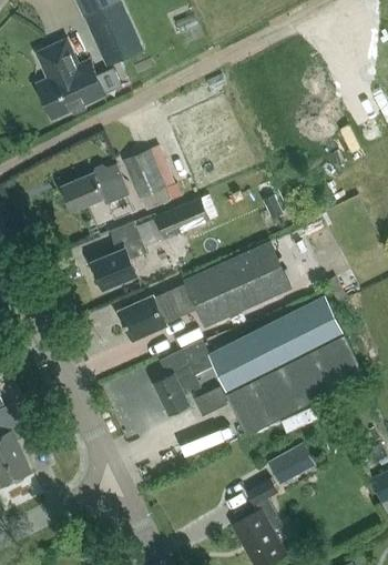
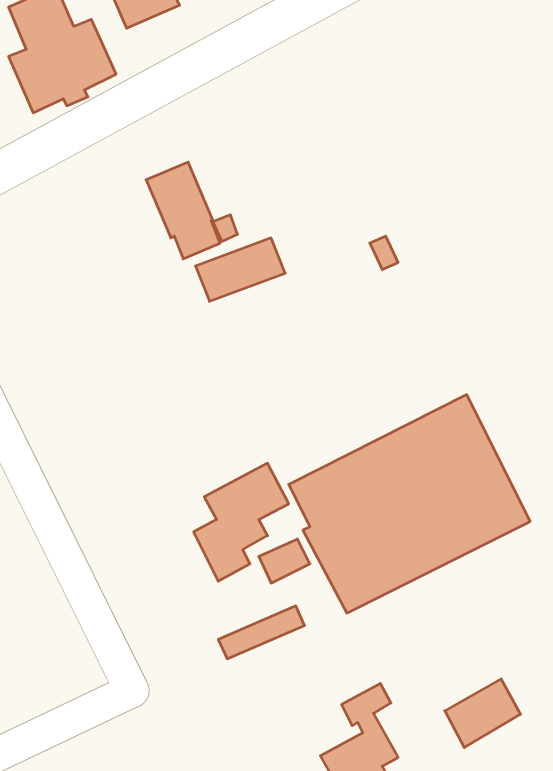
building: [61,163,129,211] -> none
building: [92,221,146,287] -> none
building: [119,248,278,341] -> none
building: [267,443,315,486] -> [445,679,521,748]

